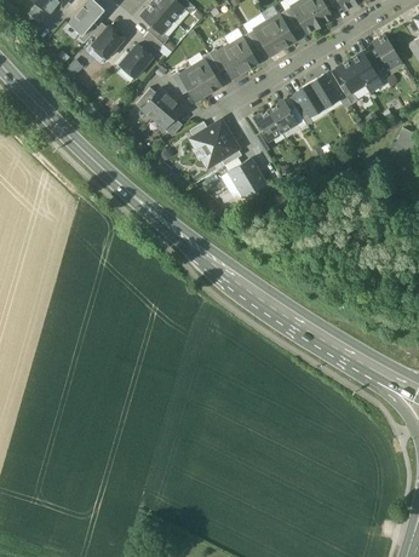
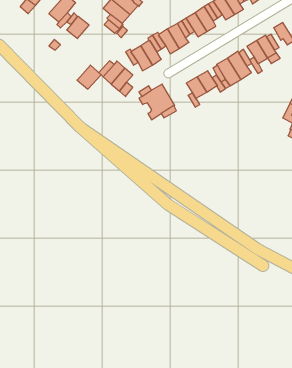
building: [119,44,151,76] -> [77,65,101,89]
building: [228,157,264,195] -> none

